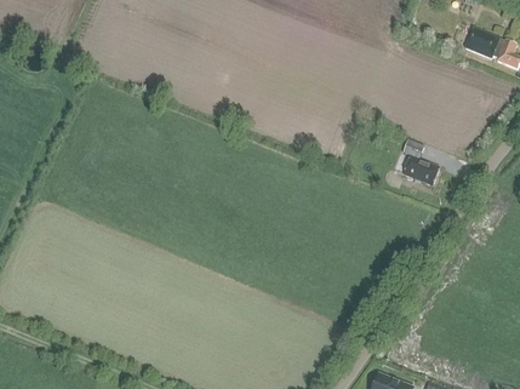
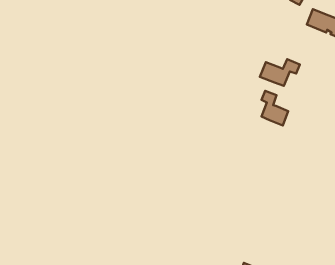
building: none -> [260,59,300,86]

